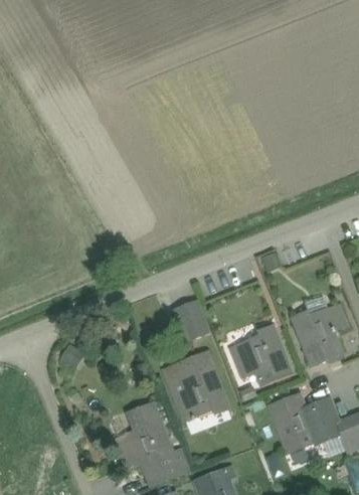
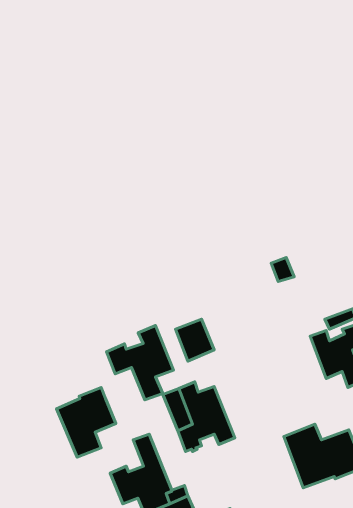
building: none -> [107,326,174,400]
building: [231,327,286,384] -> none
building: none -> [57,387,116,457]

